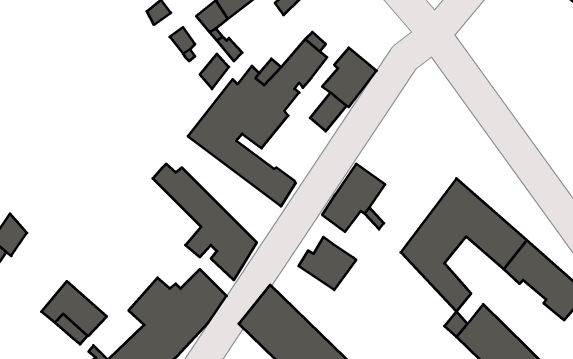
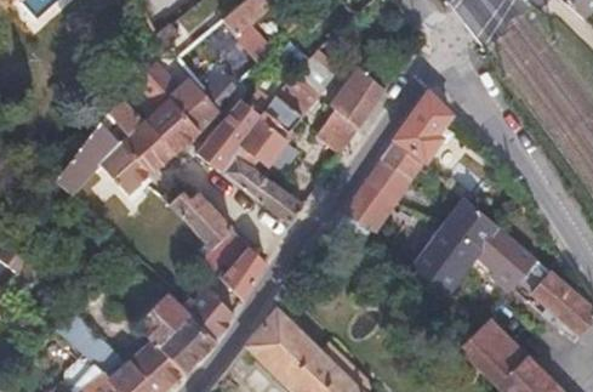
building: none -> [56,64,218,194]
building: none -> [365,90,455,203]
building: [299,237,356,290] -> none

